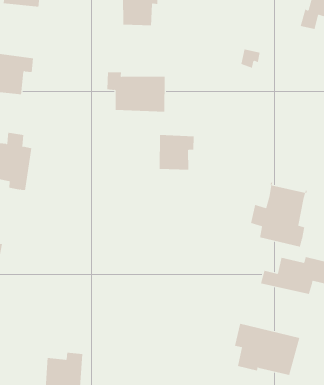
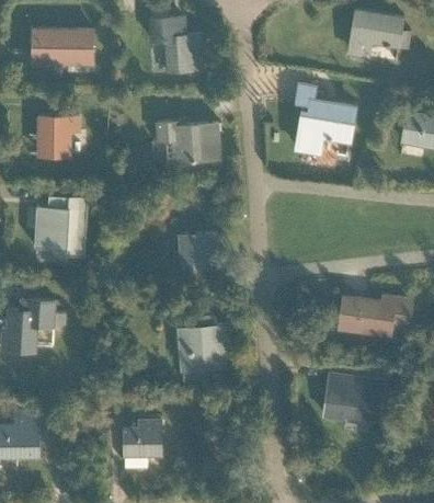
building: none -> [296,101,354,153]
building: [159,135,195,170] -> [178,233,216,272]
building: [251,182,308,248] -> none
building: none -> [178,317,226,371]

